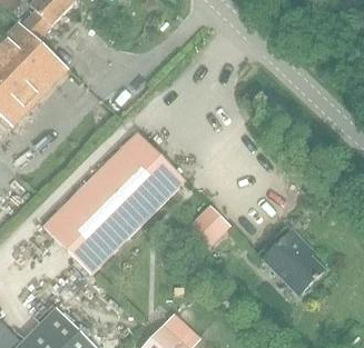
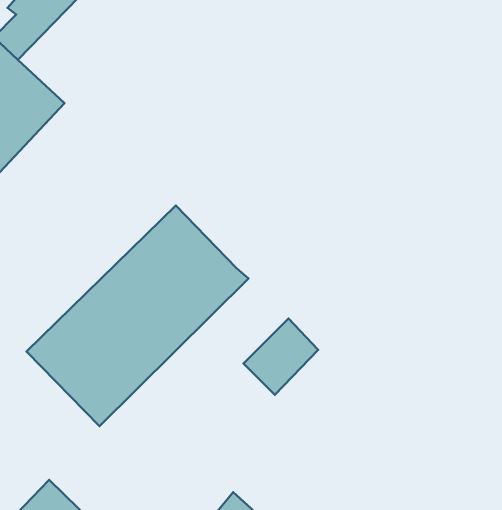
building: [265,230,326,295] -> none

